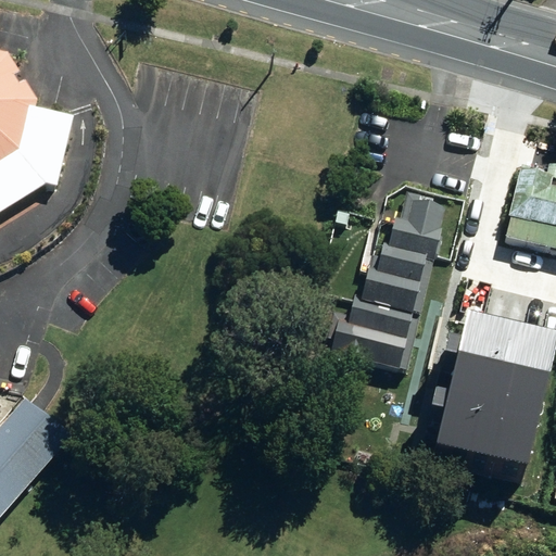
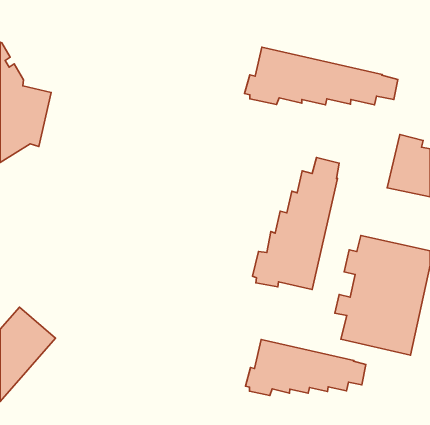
building: none -> [245,47,398,105]
building: none -> [246,339,366,396]

